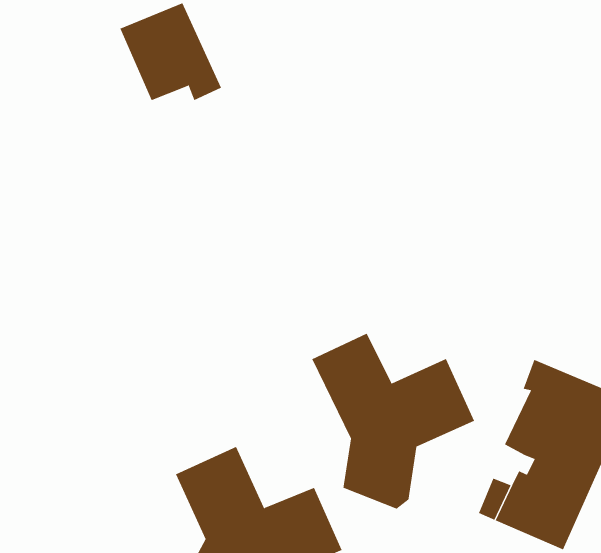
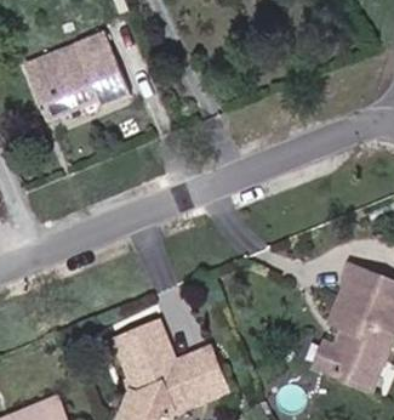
building: none -> [32,47,99,110]
building: [312,333,475,510] -> none

